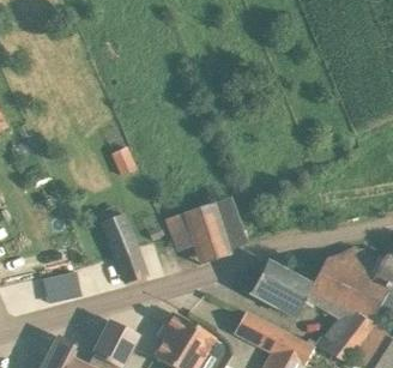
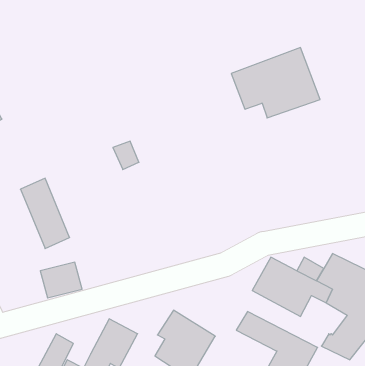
building: [164,186,250,254] -> [231,48,320,118]
building: [102,216,150,284] -> [20,178,70,249]

